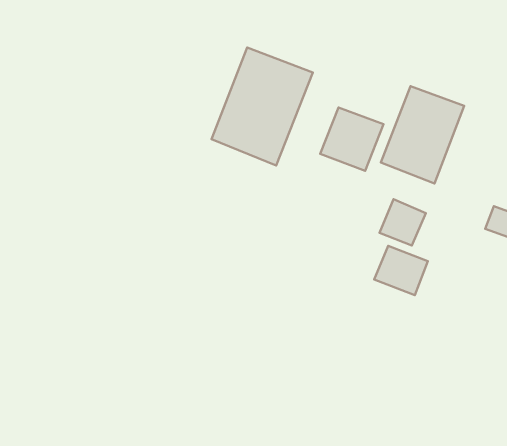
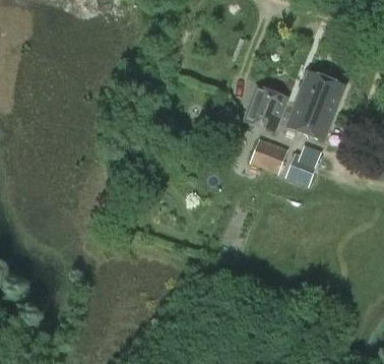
building: [212,48,313,166] -> none
building: [374,246,428,295] -> [249,138,287,174]

